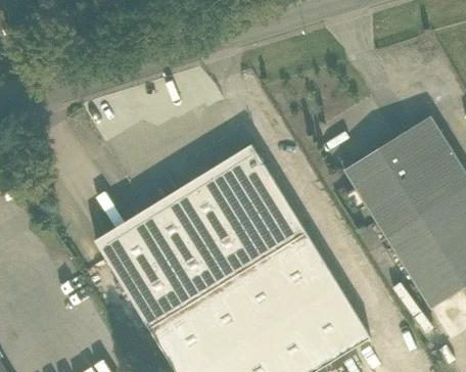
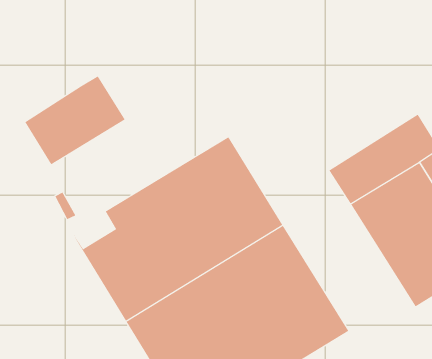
building: none -> [25,76,126,165]
building: [96,220,139,257] -> none

